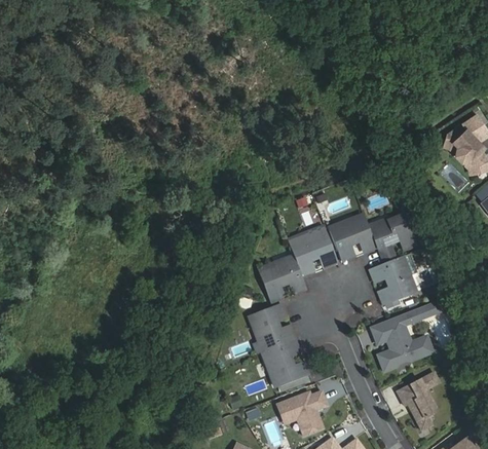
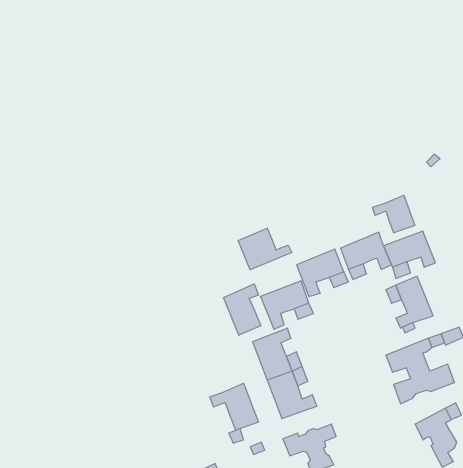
building: none -> [373,195,415,233]
building: none -> [238,228,292,270]
building: none -> [223,284,261,335]
building: none -> [210,383,258,430]

